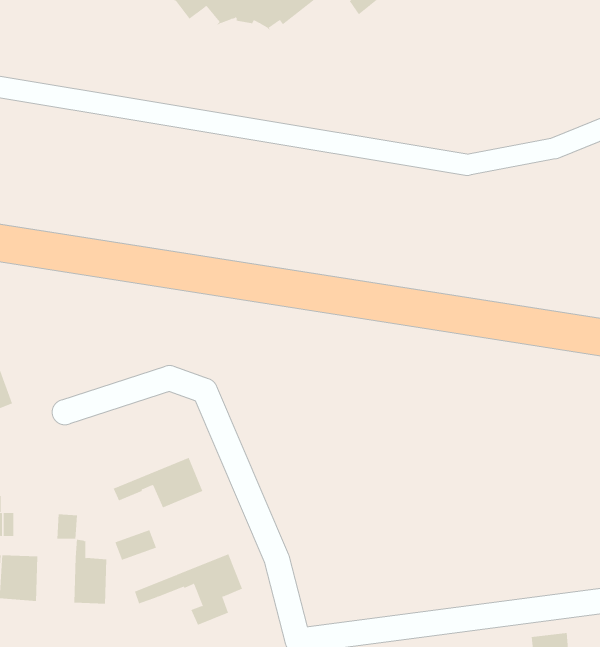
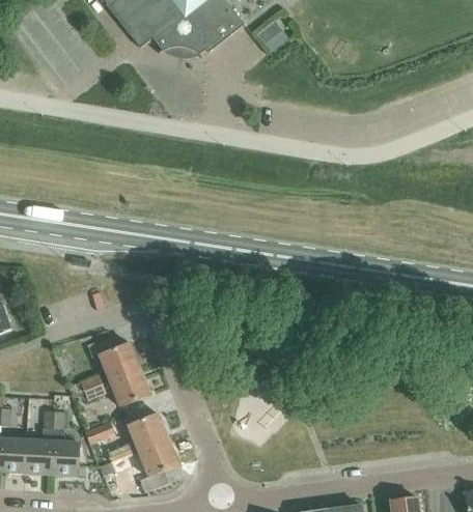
building: none -> [68,337,140,395]
building: none -> [100,413,169,466]
building: none -> [28,440,56,475]

